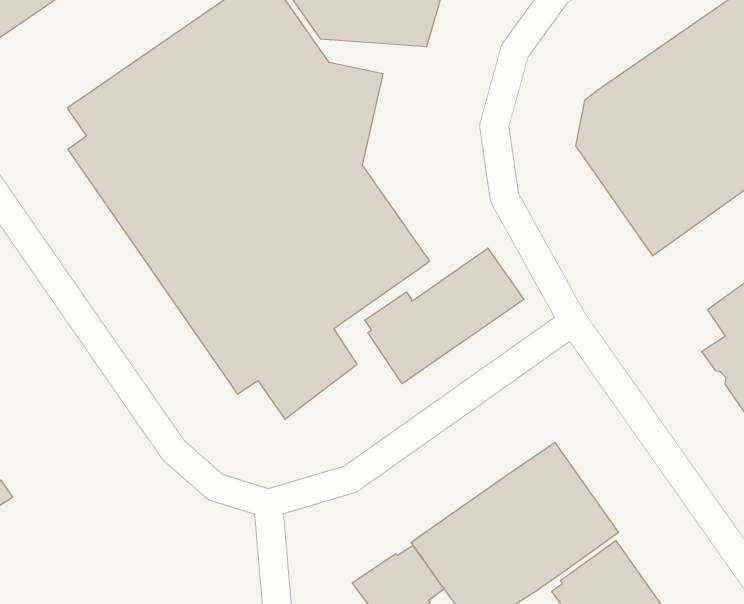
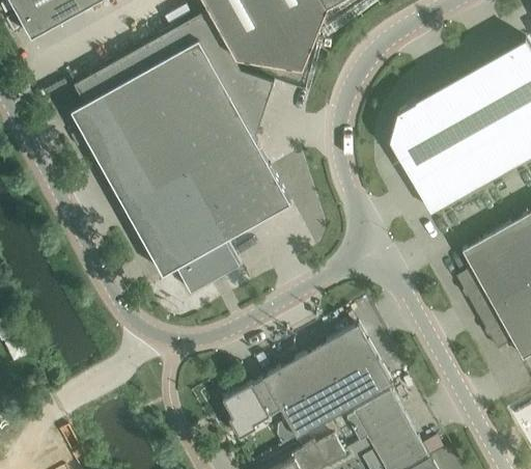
building: [365,248,524,384] -> none

